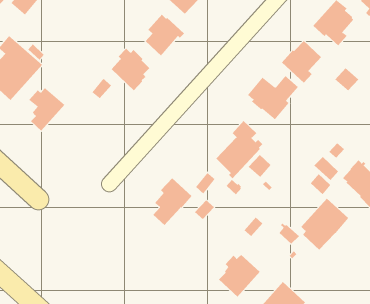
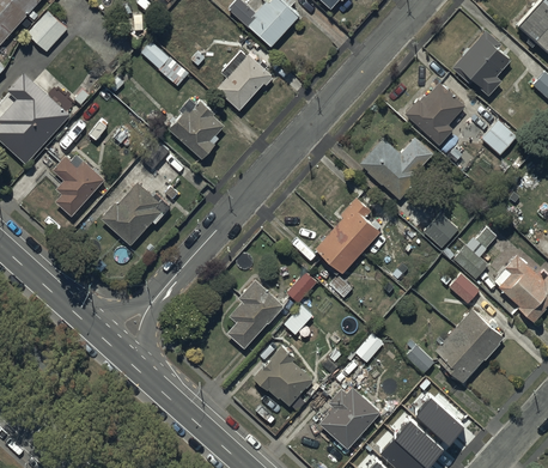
building: none -> [140,41,189,86]
building: none -> [101,182,170,244]
building: [248,154,272,178] -> [424,214,457,248]
building: none -> [254,345,312,411]
building: none -> [416,402,464,449]

